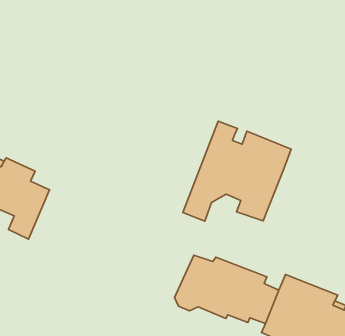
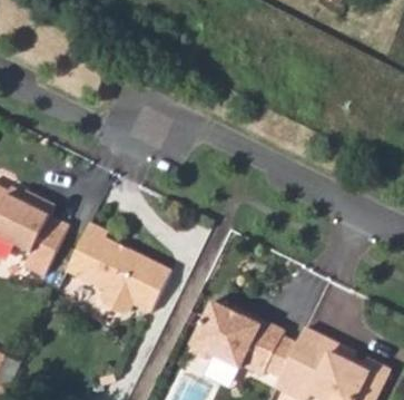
building: [183,121,291,221] -> none
building: none -> [66,221,171,312]

